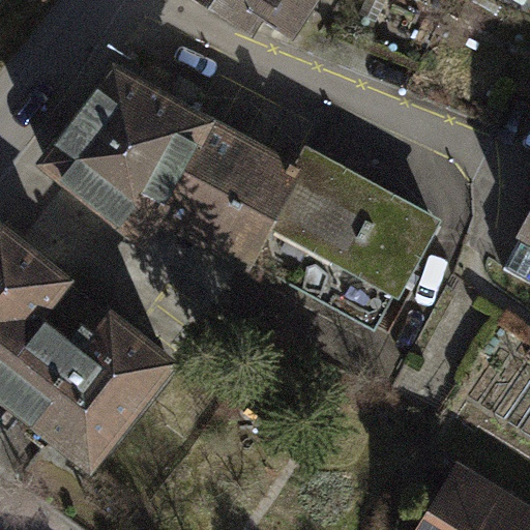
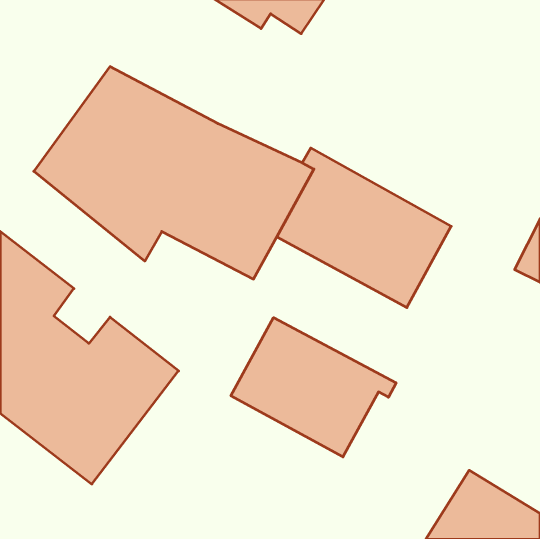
building: none -> [231,318,396,457]

